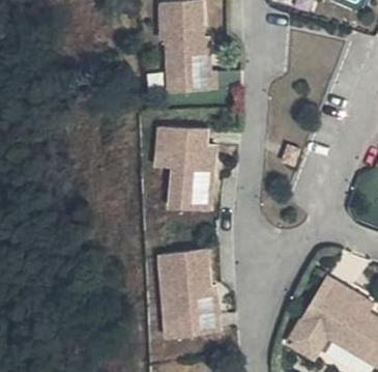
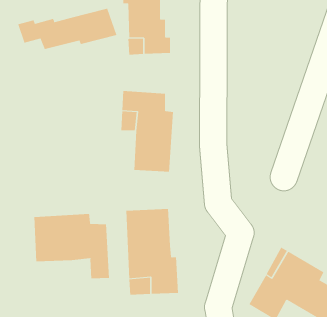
building: none -> [17,8,117,50]
building: none -> [34,213,110,279]

